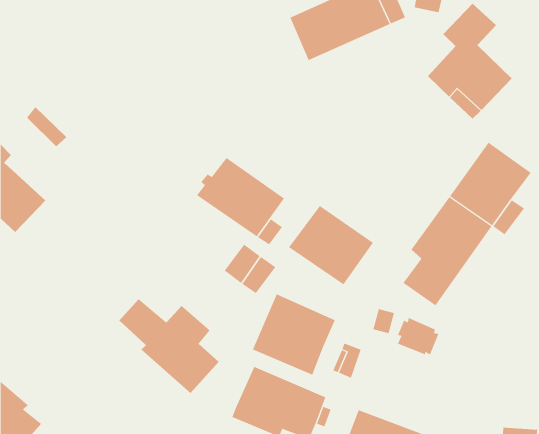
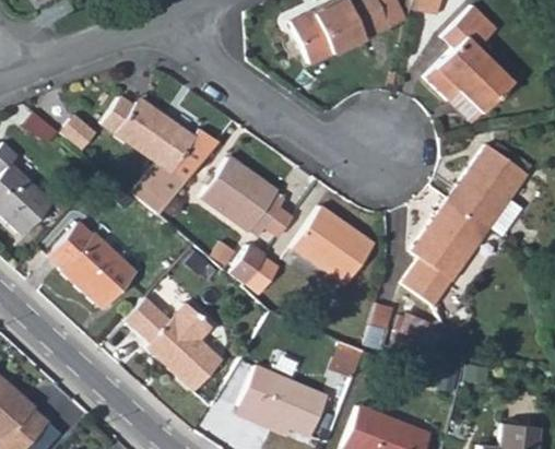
building: none -> [103,98,220,215]
building: none -> [48,223,135,308]
building: [252,294,336,376] -> none

